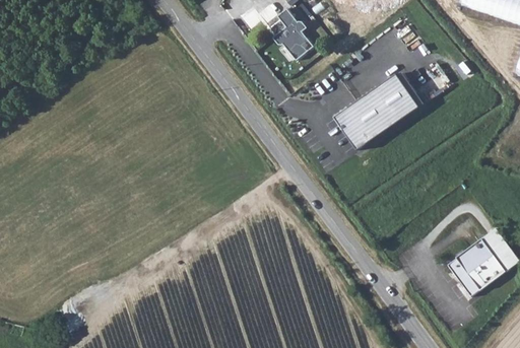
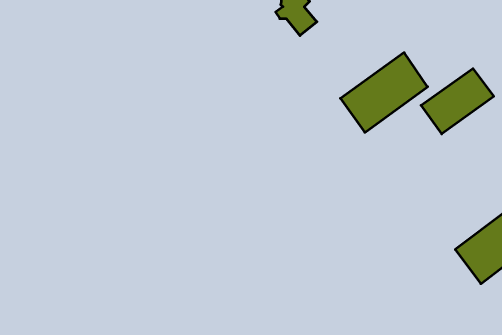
building: none -> [421,69,494,134]

